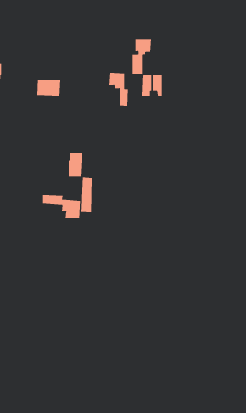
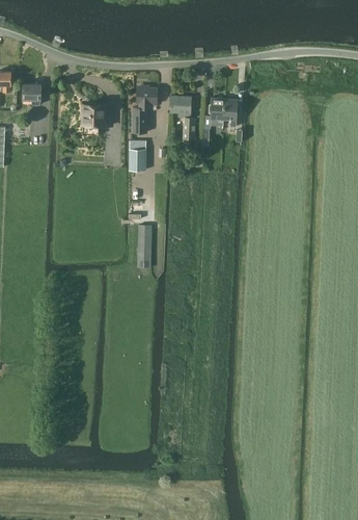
building: [131,39,152,74] -> [131,87,156,131]
building: [68,152,83,177] -> [127,139,144,170]
building: [42,194,81,219] -> none

